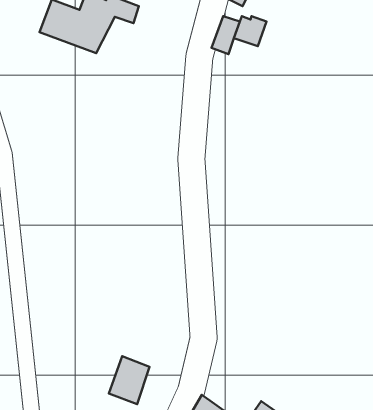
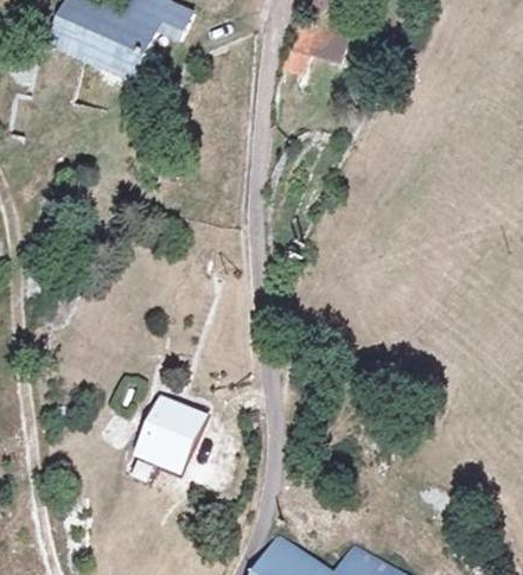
building: [109,356,149,404] -> [133,409,187,473]

